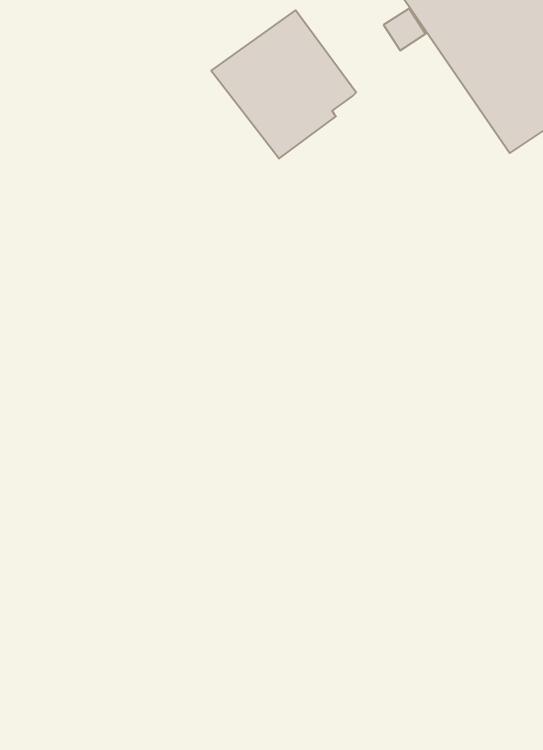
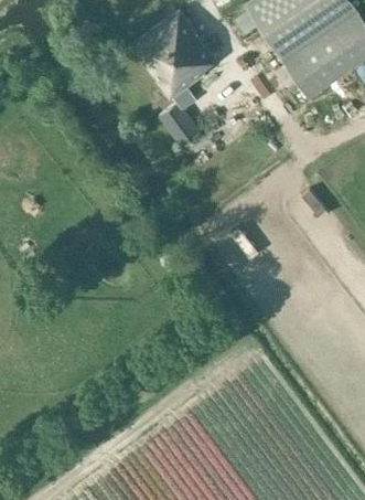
building: none -> [158,104,200,148]

